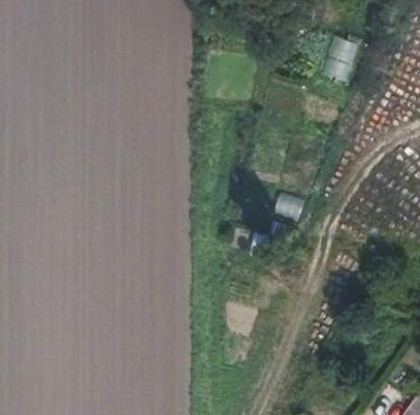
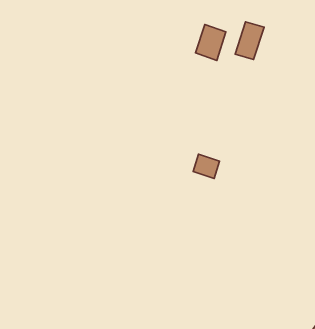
building: none -> [196,24,226,60]

